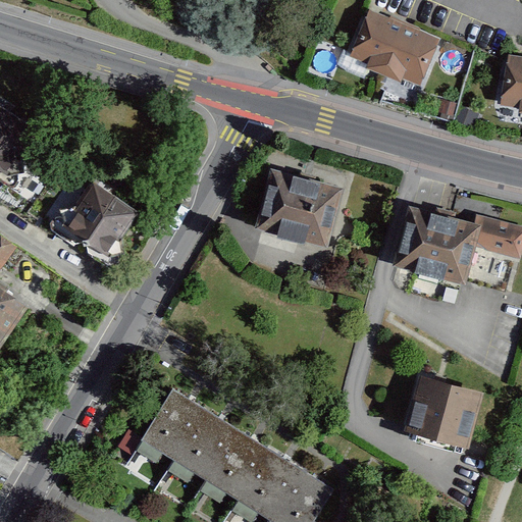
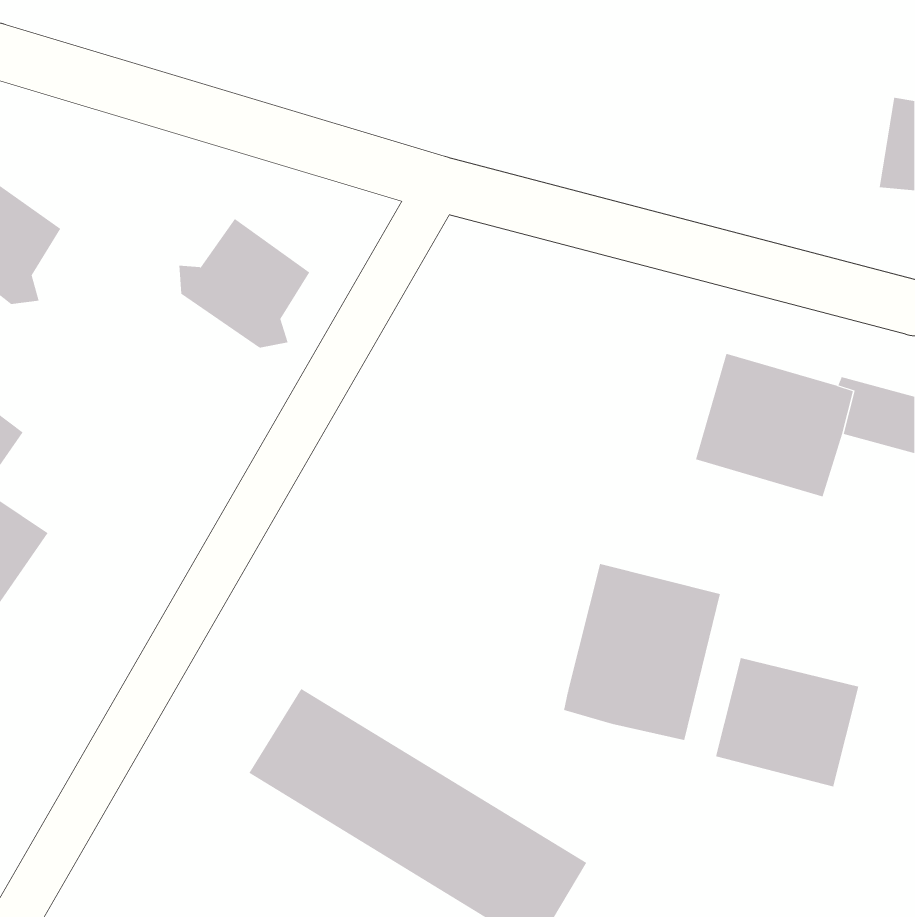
building: [348,12,437,89] -> none
building: [256,166,344,246] -> none
building: [60,181,135,255] -> [179,218,310,348]
building: none -> [564,563,721,741]

